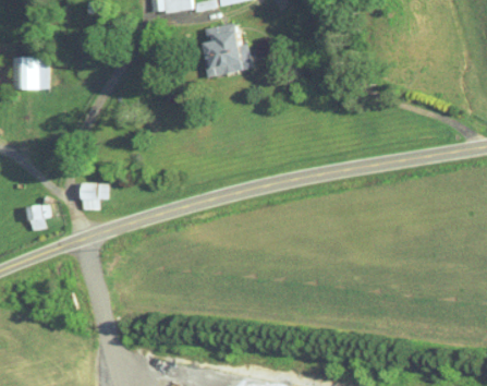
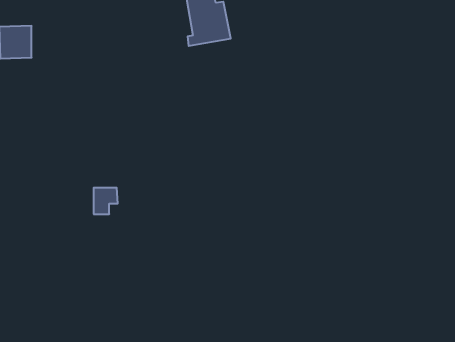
building: [82,183,107,210] -> [94,188,118,214]
building: [22,206,49,231] -> none

